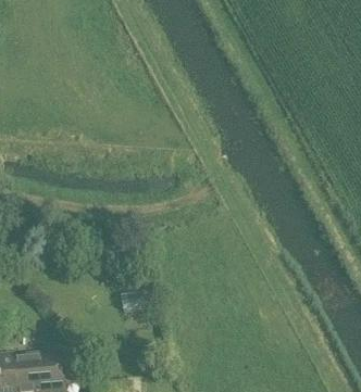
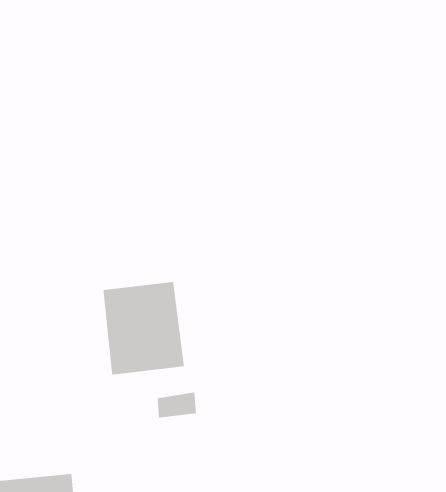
building: none -> [103,281,184,376]

